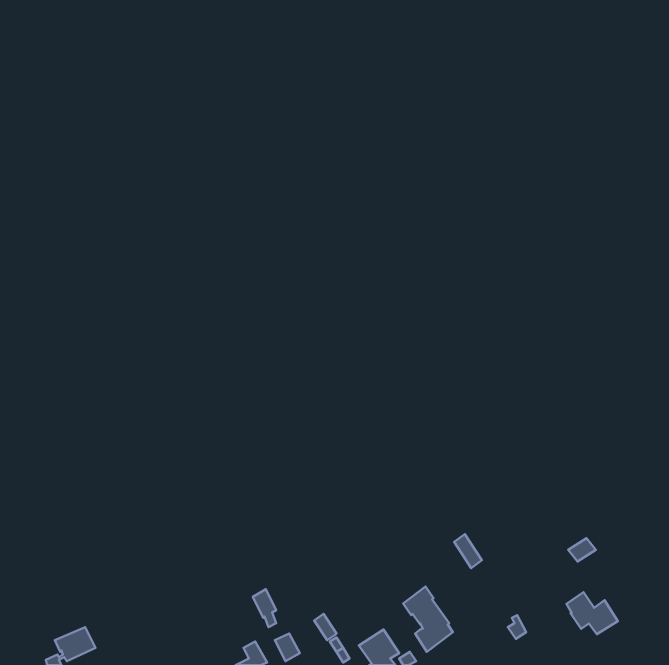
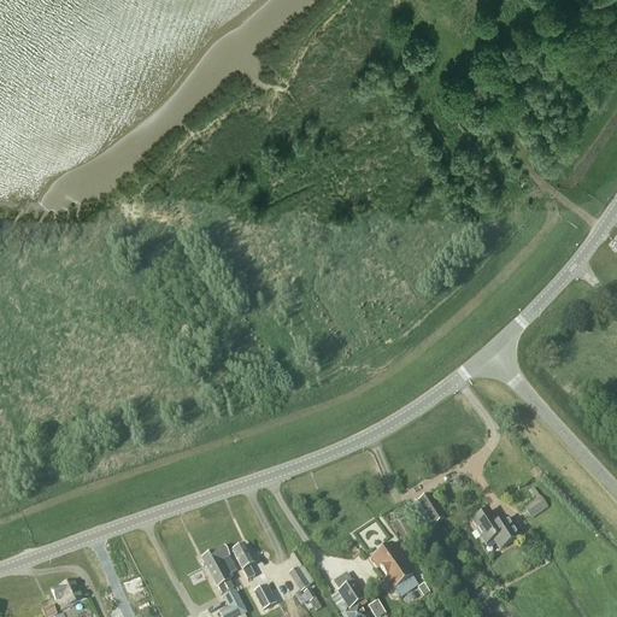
building: none -> [202,545,235,590]
building: [567,592,618,634] -> [472,509,519,547]

